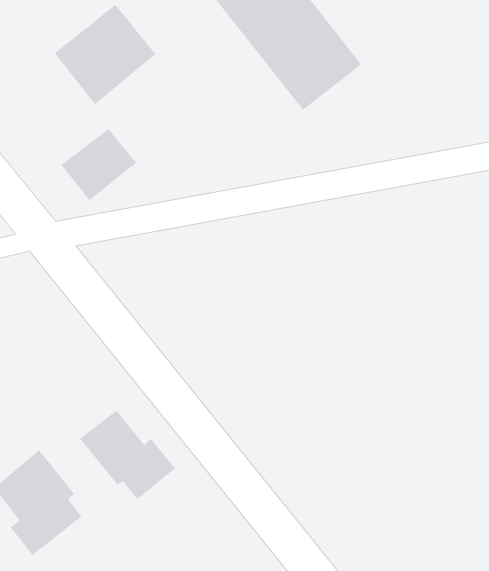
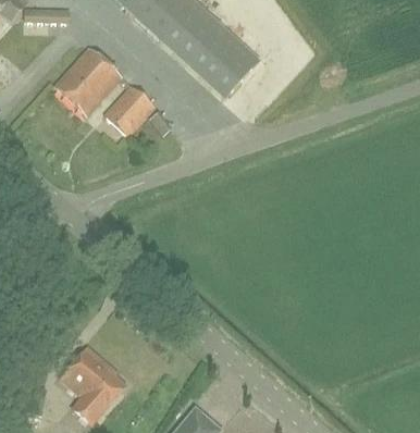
building: [61,128,137,201] -> [106,86,156,136]
building: [79,410,176,500] -> none

